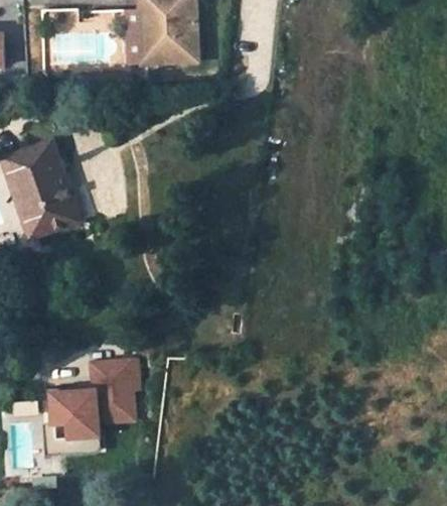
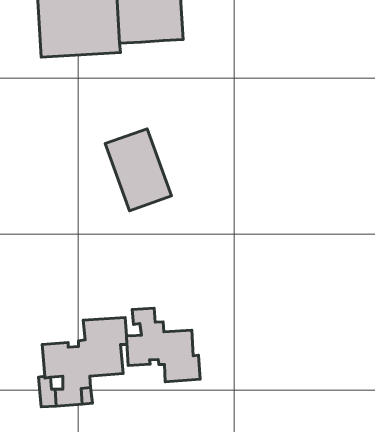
building: [7,144,79,233] -> [105,129,172,211]
building: none -> [126,308,200,382]

